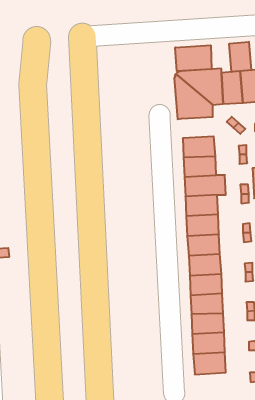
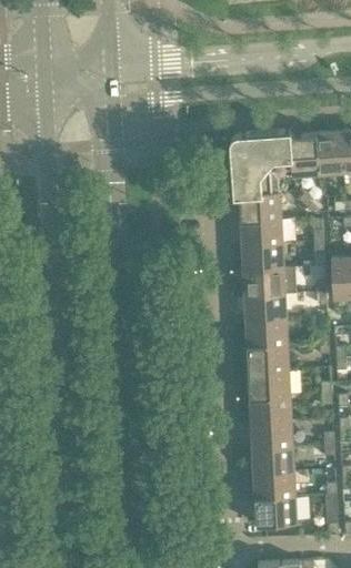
building: [229,42,251,72] -> none
building: [175,45,212,71] -> none
building: none -> [239,193,280,221]

